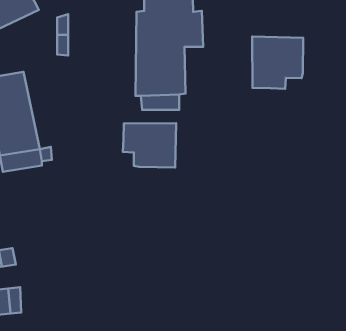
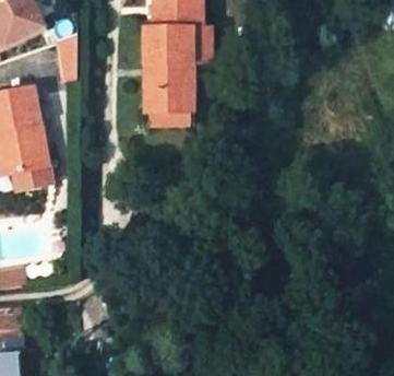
building: [252,37,303,89] -> none
building: [123,123,176,167] -> none

